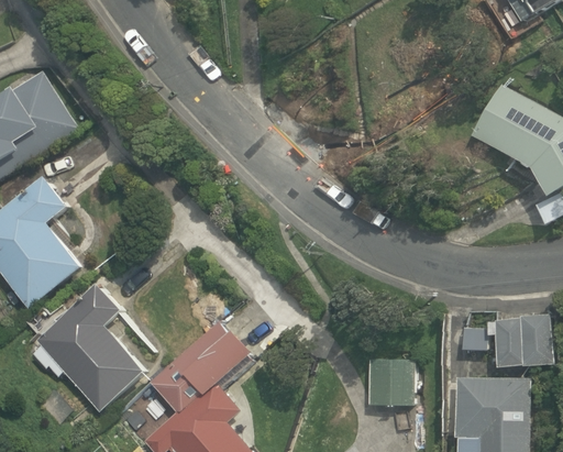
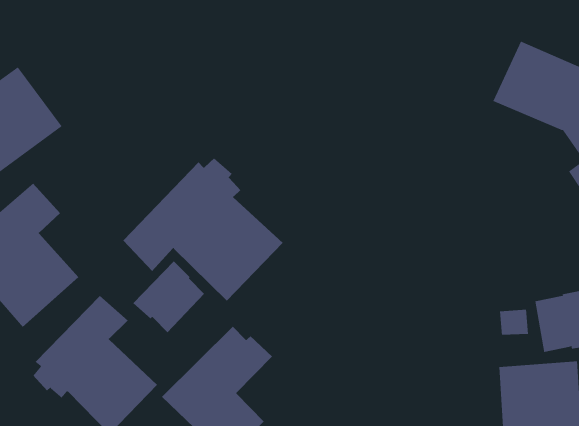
building: none -> [122,158,283,302]
building: none -> [132,260,205,333]
building: [367,357,413,405] -> none

